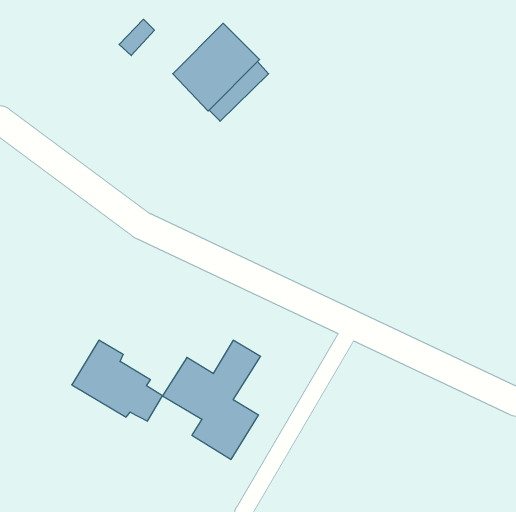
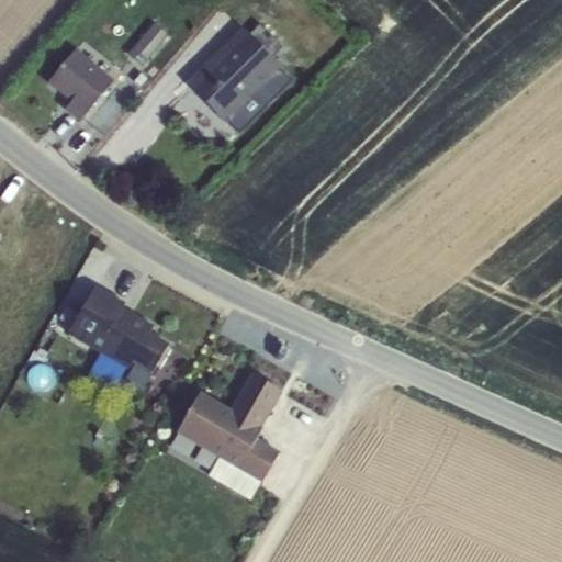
building: none -> [48,47,113,119]
building: [72,340,163,421] -> [69,282,168,370]

